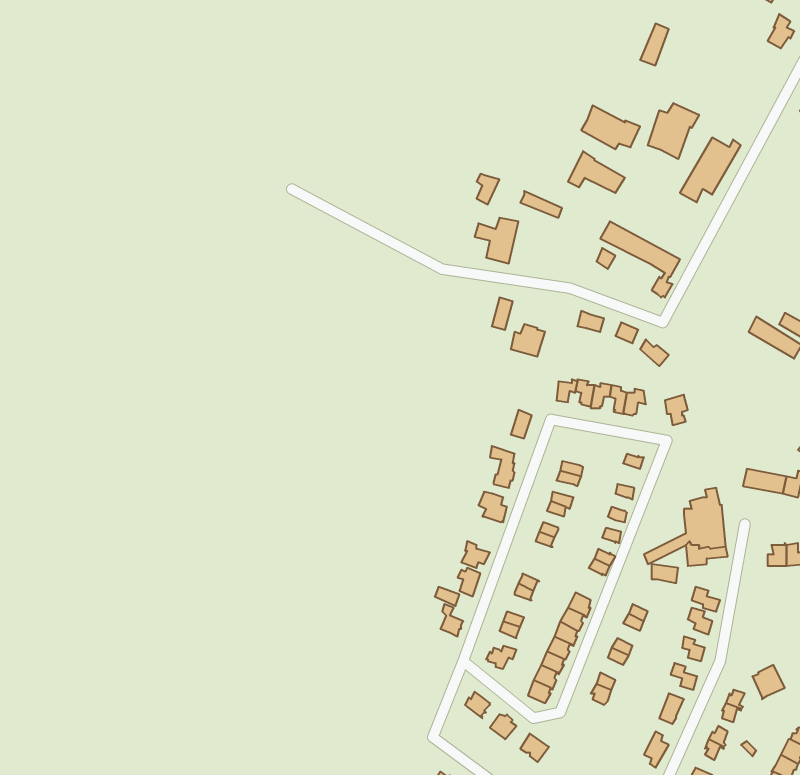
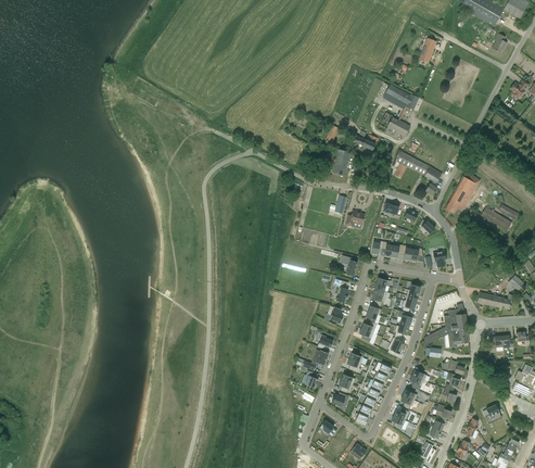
building: [648,103,699,159] -> none
building: [680,138,741,202] -> [445,177,480,214]

